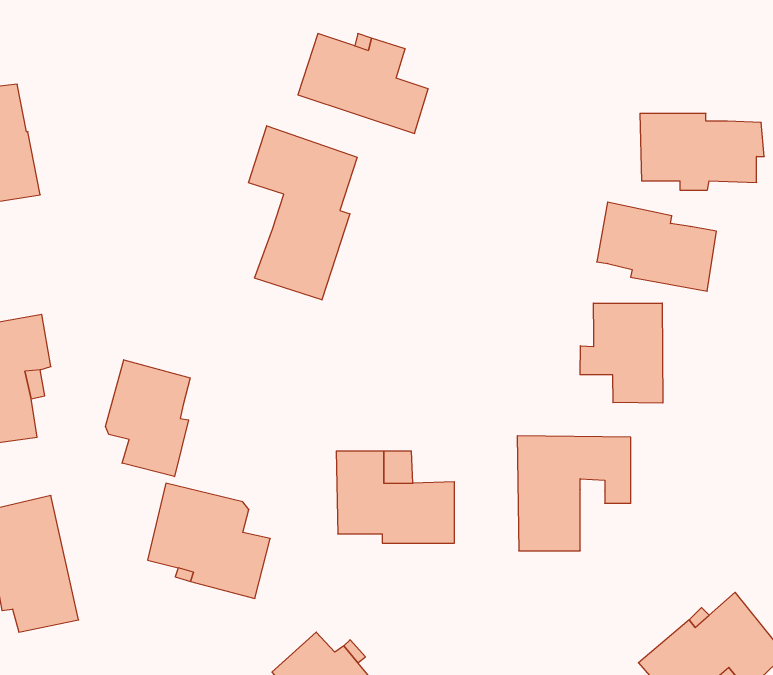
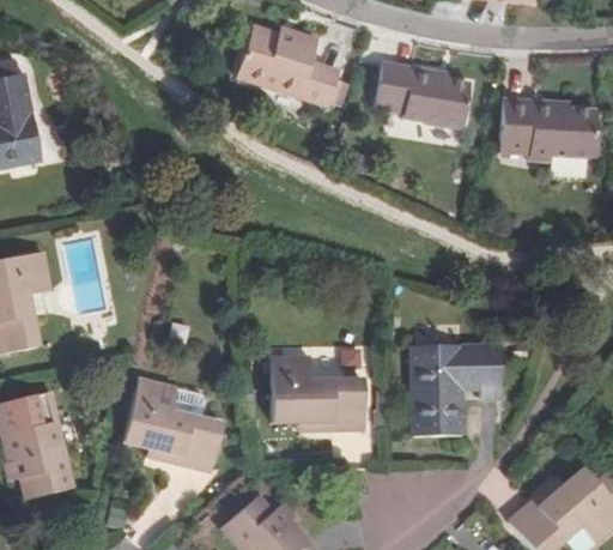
building: [248,126,357,300] -> none
building: [597,202,716,291] -> [384,61,478,131]
building: [580,303,663,403] -> none
building: [106,360,190,477] -> none

